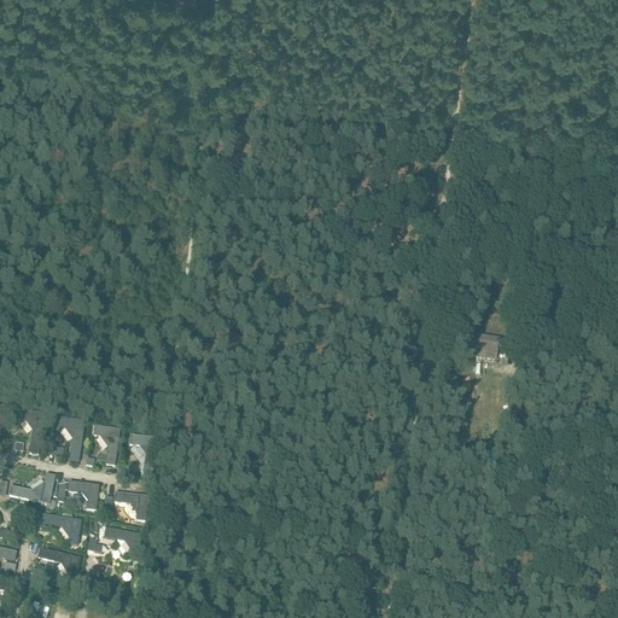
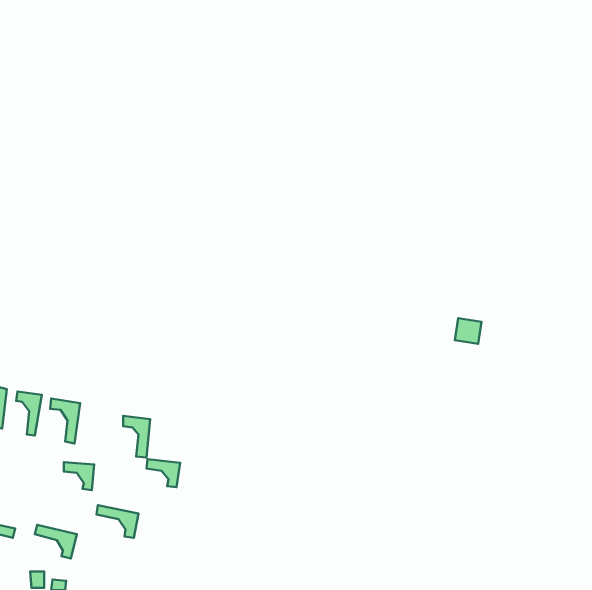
building: [92,424,118,464] -> none
building: [7,472,54,502] -> none
building: [112,490,147,519] -> [146,459,180,487]
building: [37,512,80,543] -> none

